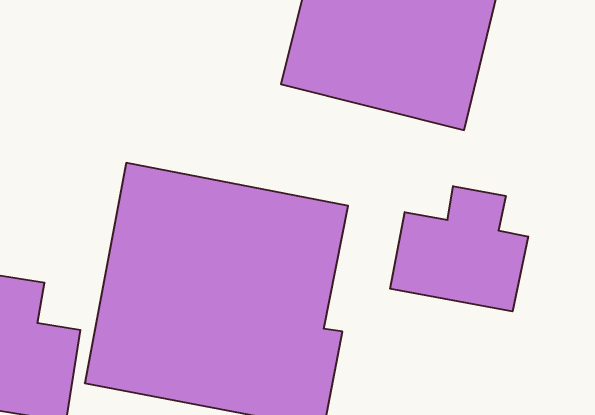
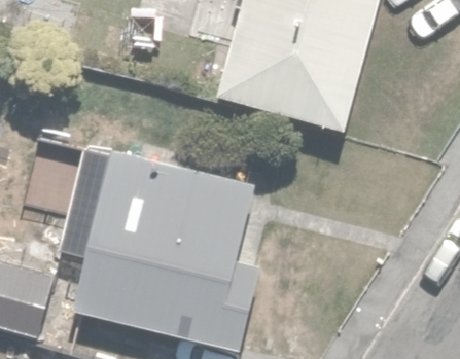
building: [390,186,528,311] -> none

